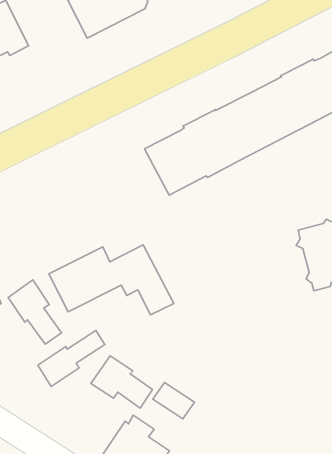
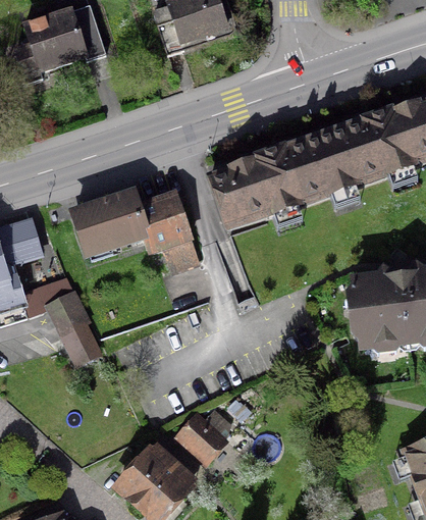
building: [49,245,174,315] -> [72,191,196,267]
building: [38,331,105,387] -> none
building: [91,356,153,408] -> none

